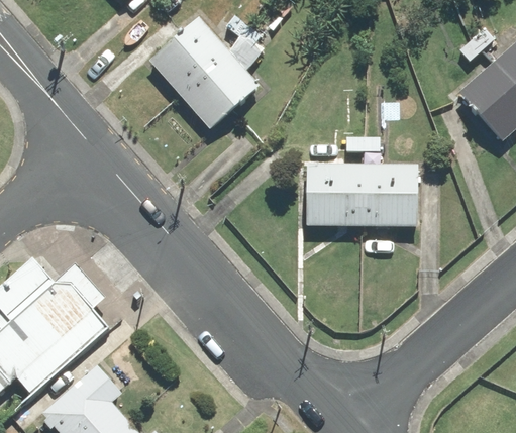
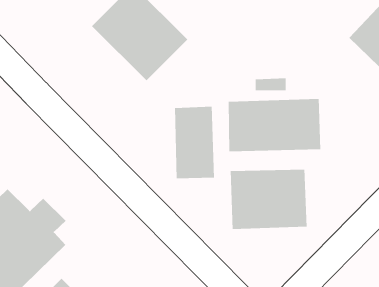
building: none -> [174,106,215,179]
building: none -> [230,169,308,230]

